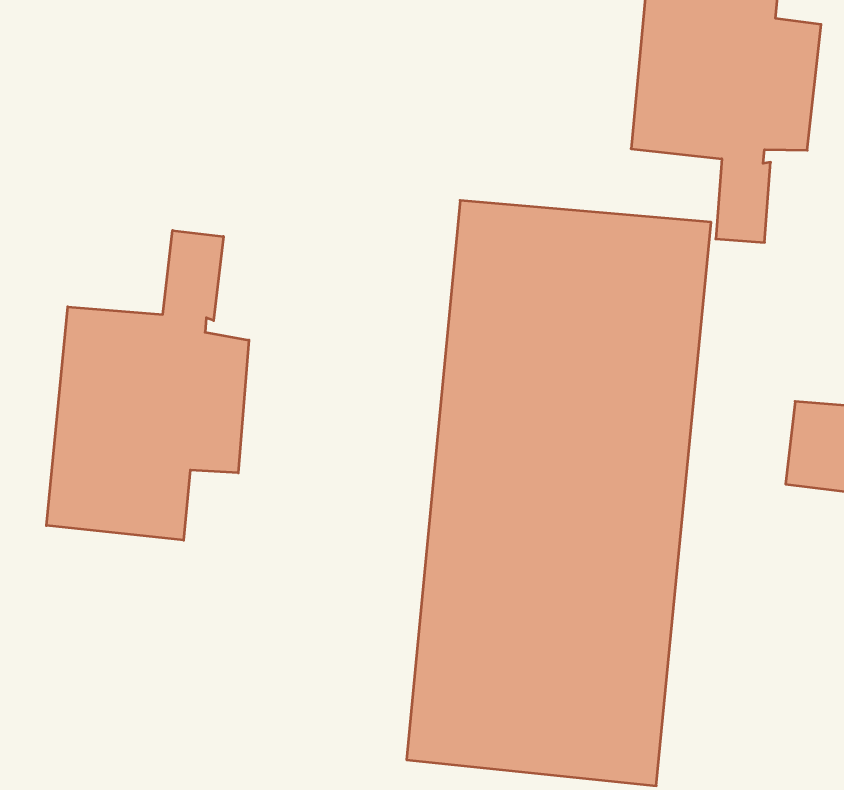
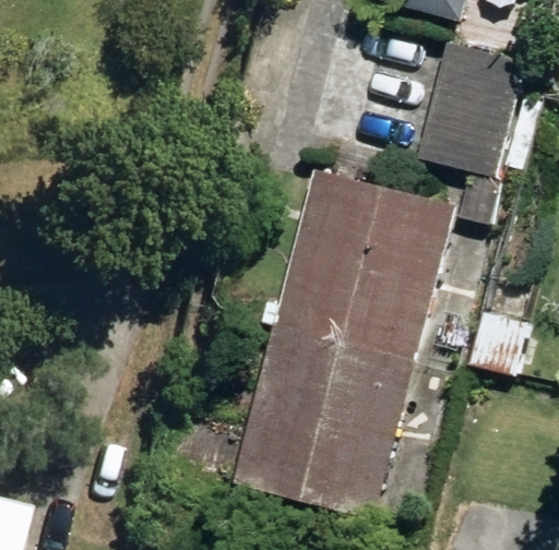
building: [46,230,249,540] -> none

